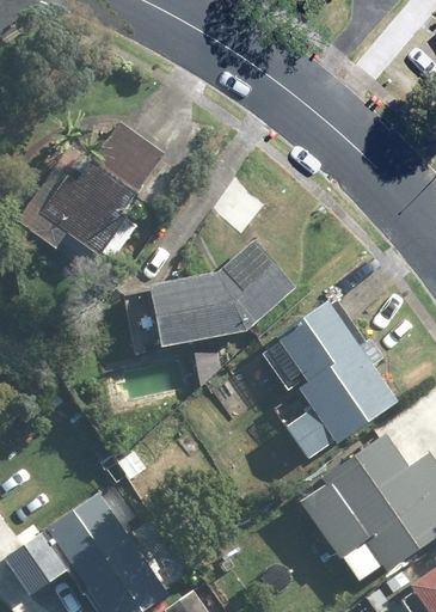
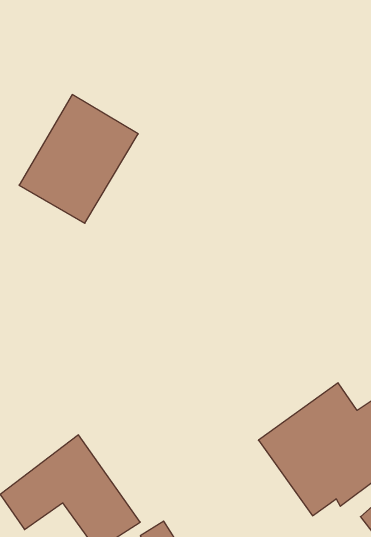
building: [140,245,296,347] -> none
building: [282,304,392,454] -> none

